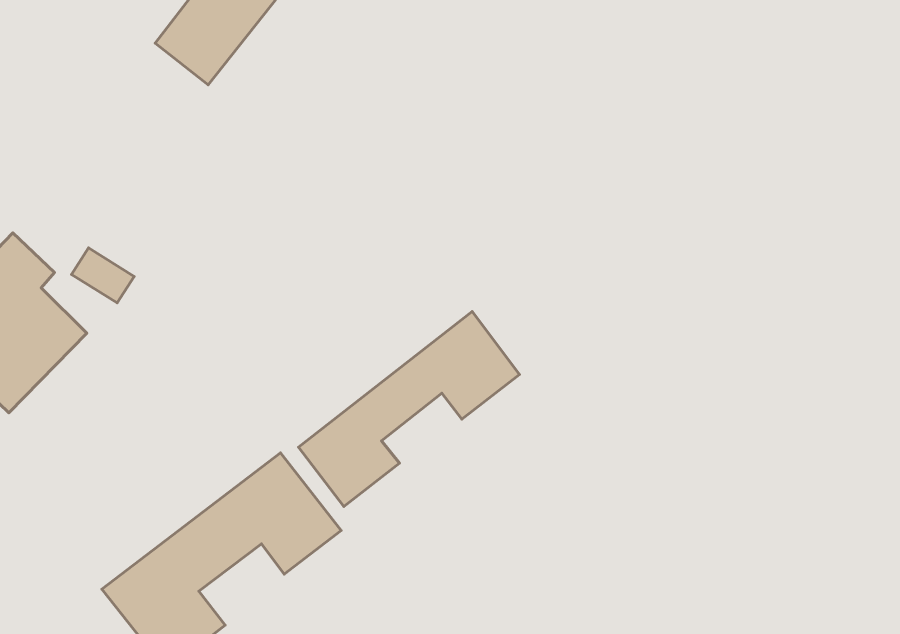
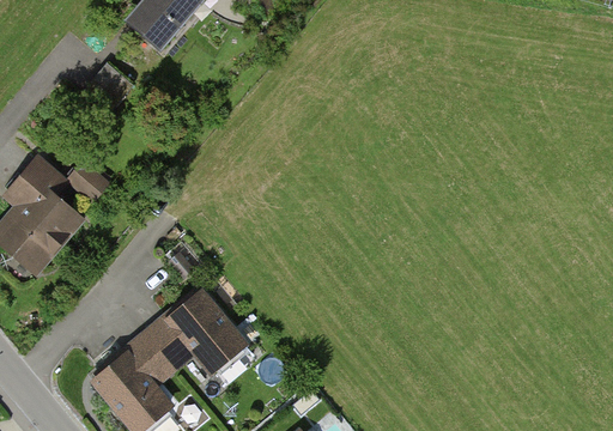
building: [298,312,520,506] -> none

